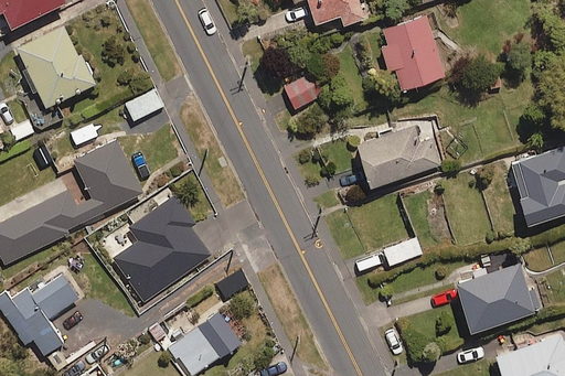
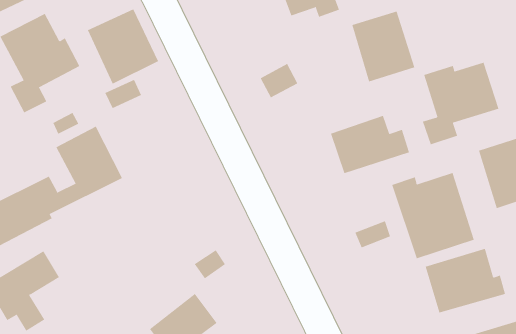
building: none -> [87,8,159,84]
building: none -> [422,62,499,145]
building: none -> [392,172,475,259]
building: [113,191,211,300] -> none

